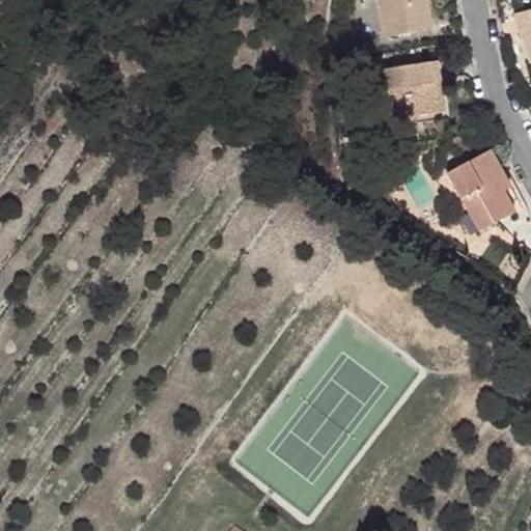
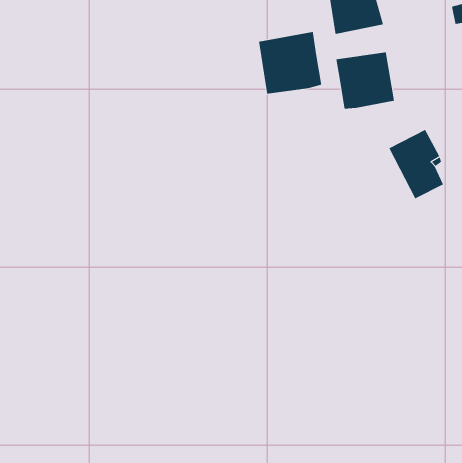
building: none -> [258,31,322,94]

